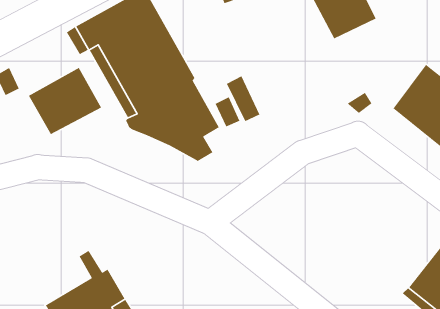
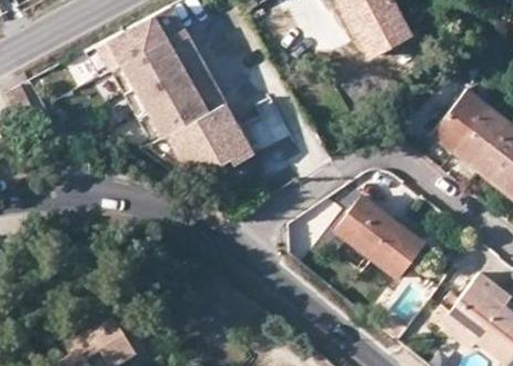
building: [28,67,102,135] -> none
building: none -> [334,196,425,281]

